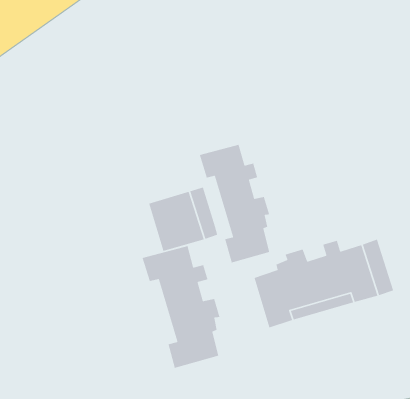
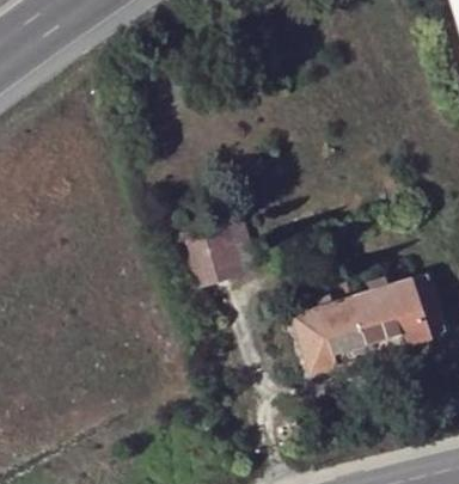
building: [199,144,270,263] -> none
building: [142,245,220,369] -> none

